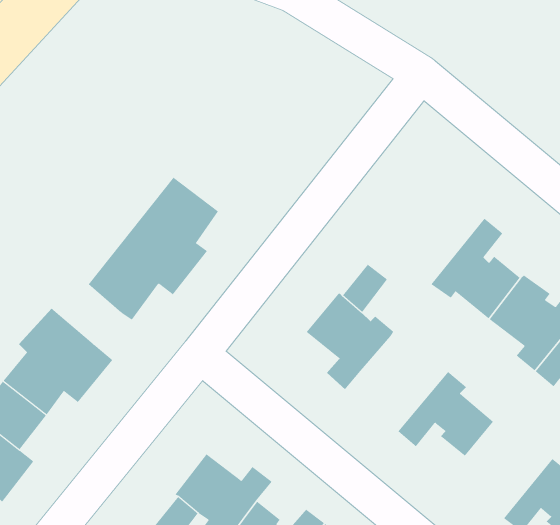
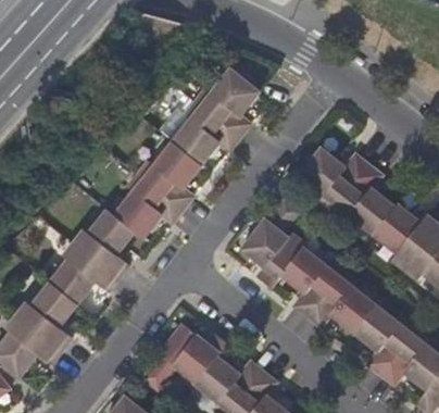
building: none -> [165,68,258,167]
building: none -> [310,155,379,217]
building: none -> [81,212,129,259]
building: none -> [294,253,354,318]
building: none -> [366,312,426,378]

